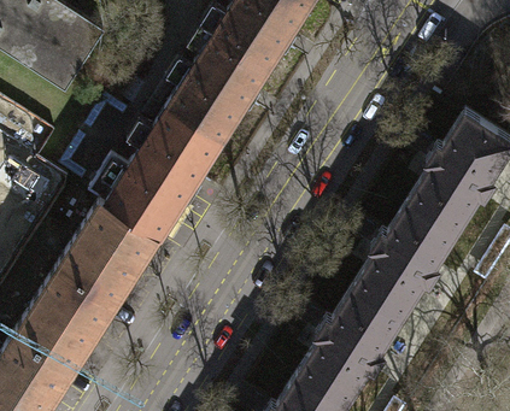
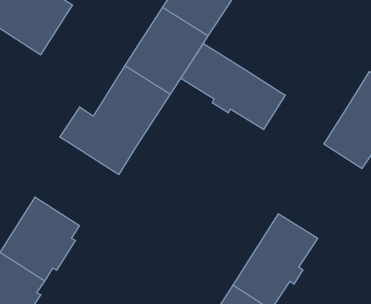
building: none -> [181,44,285,130]
building: [60,194,157,295] -> none
building: [357,195,459,311] -> none

